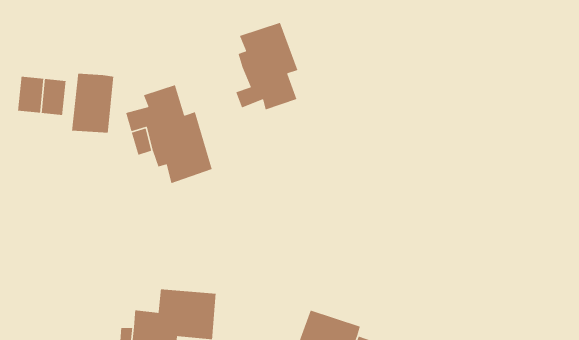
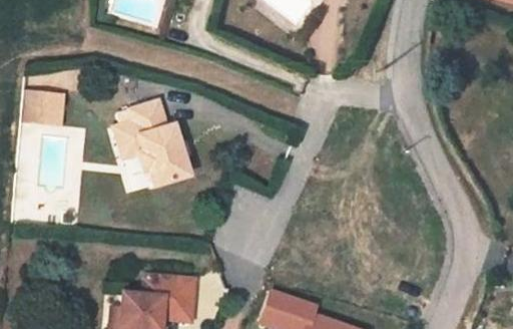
building: [235,22,299,110] -> none
building: [71,73,114,133] -> none

